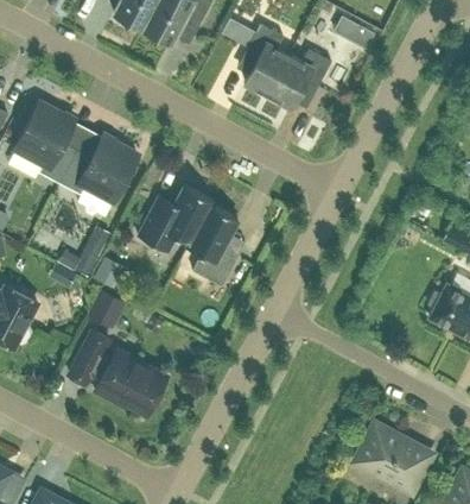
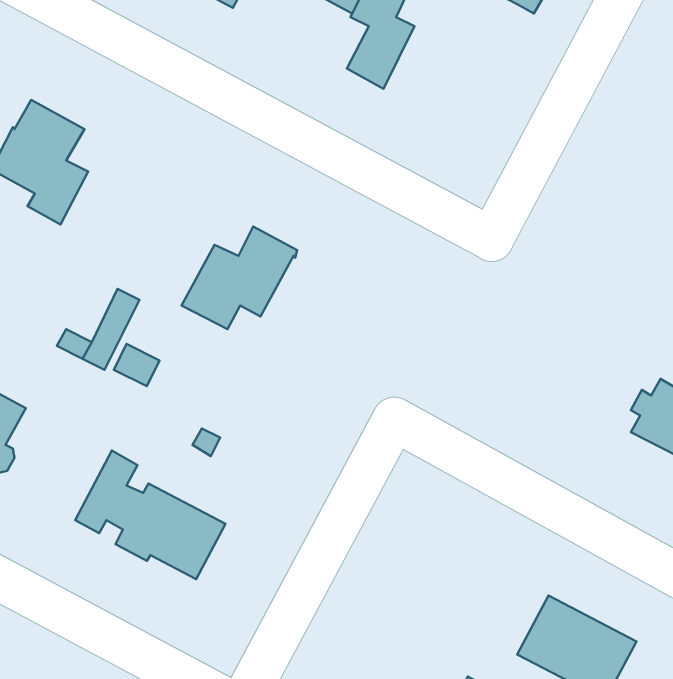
building: [268,49,331,107] -> none
building: [59,136,138,201] -> none
building: [186,203,237,285] -> none
building: [87,290,126,329] -> none

